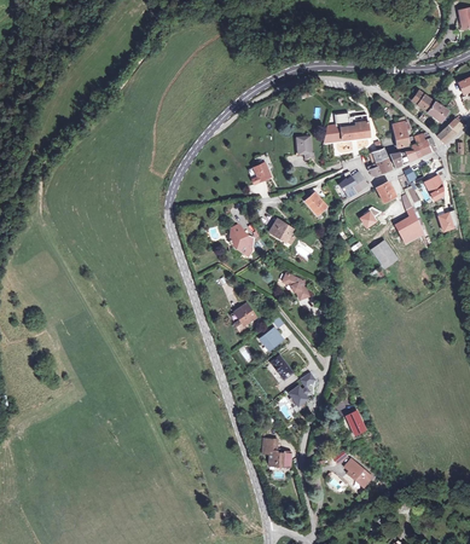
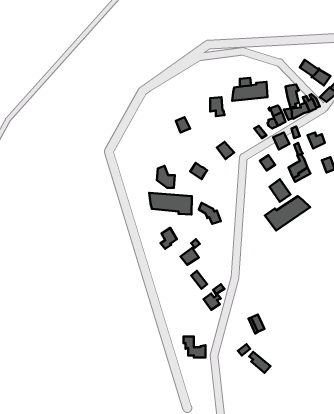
building: none -> [149,193,192,215]
building: none -> [265,196,310,231]

